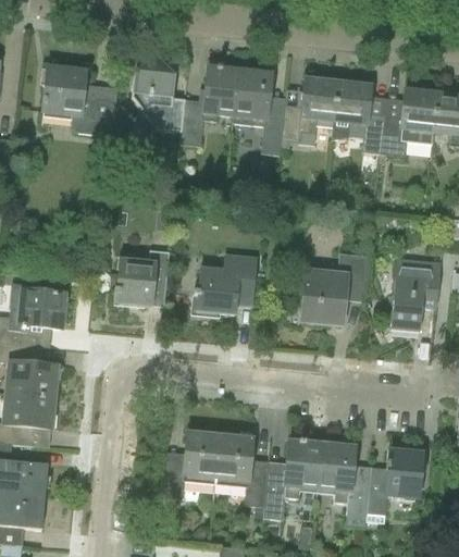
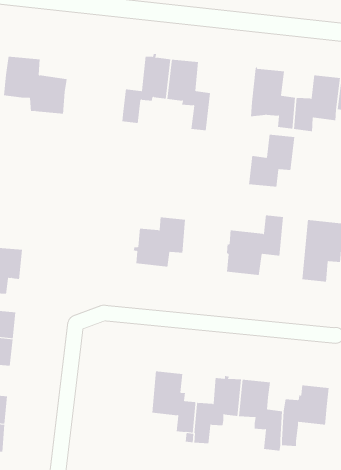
building: [132,59,185,131] -> none
building: [280,77,336,153] -> [247,134,295,199]
building: [114,247,170,305] -> none
building: [163,430,220,497] -> none

